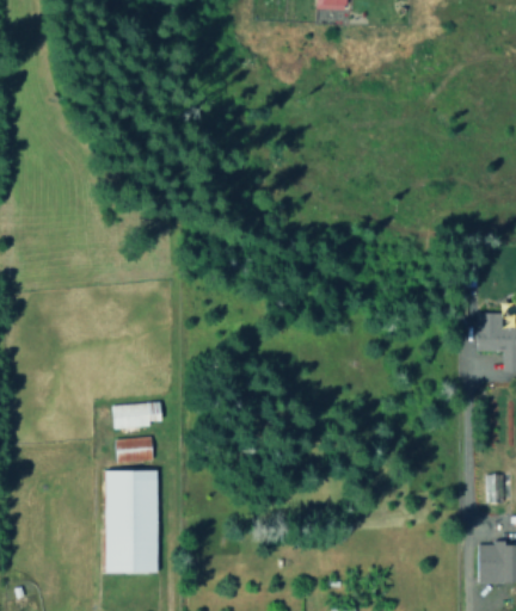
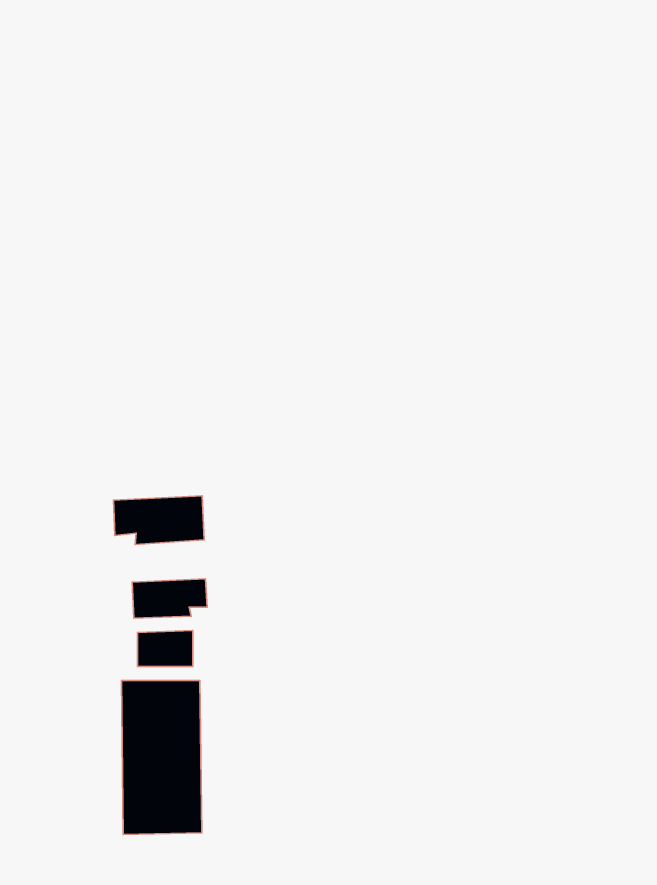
building: none -> [114,496,204,544]

